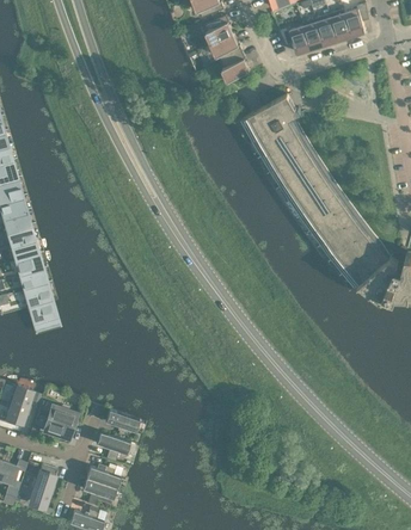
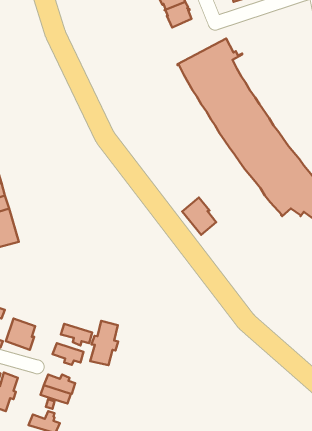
building: none -> [182,197,216,235]
building: none -> [90,321,118,365]

